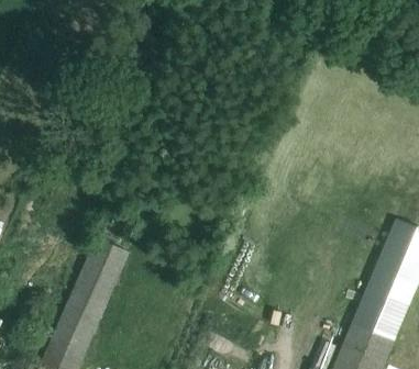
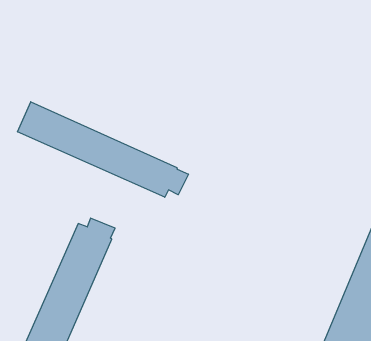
building: none -> [18,102,188,197]

